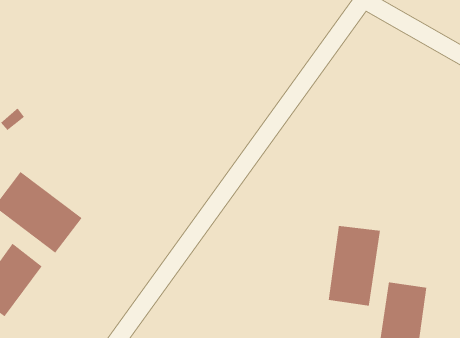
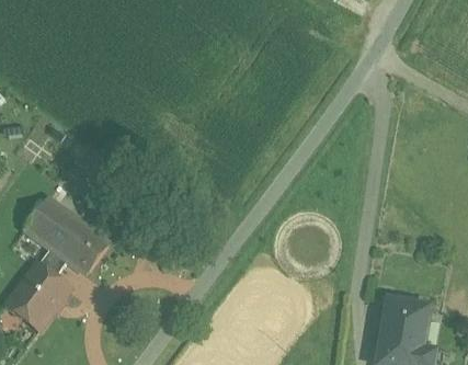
building: [328,225,381,307] -> none

